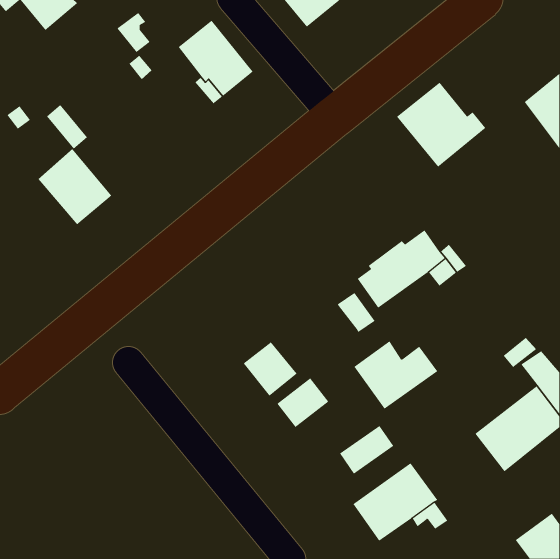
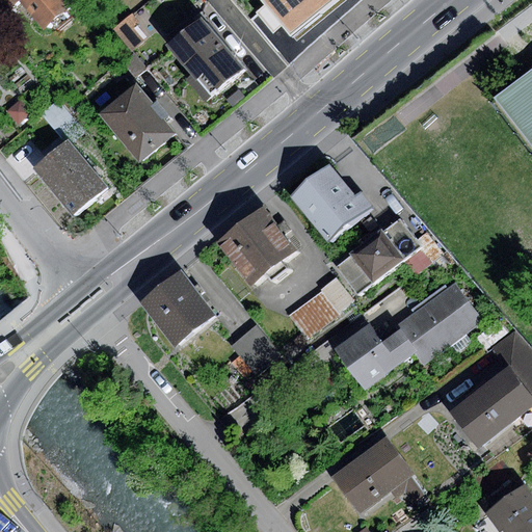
building: [396,82,486,167] -> [287,162,372,243]
building: none -> [108,90,183,166]
building: none -> [219,210,299,288]
building: none -> [141,271,215,345]
building: none -> [395,281,483,363]
building: [277,377,329,428] -> [288,290,338,338]

